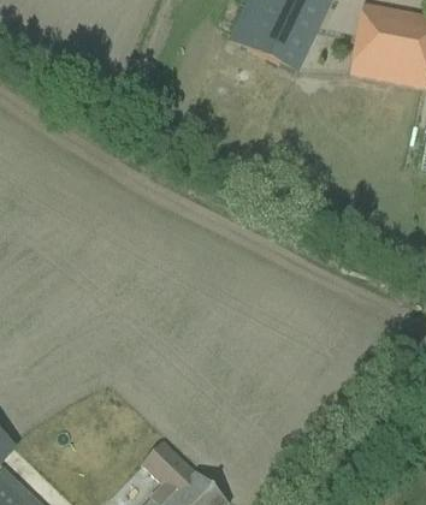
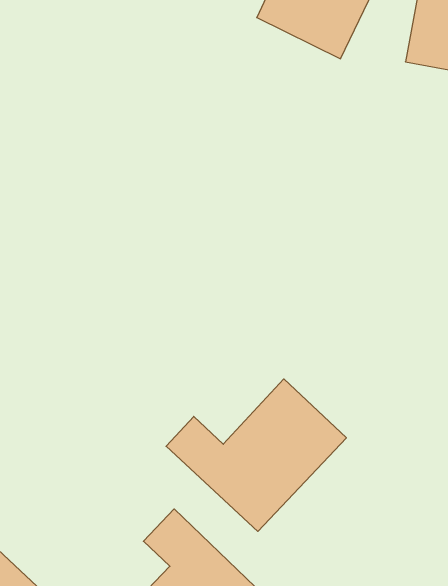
building: none -> [166,379,346,531]

